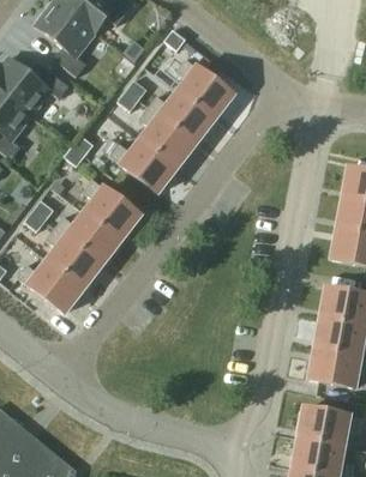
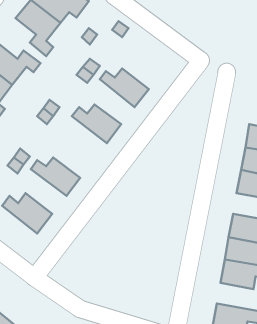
building: [175,58,233,120] -> none
building: [139,107,194,167] -> none
building: [83,177,139,238] -> none
building: [46,227,103,286] -> none

